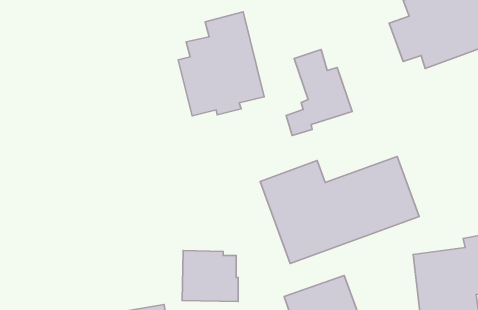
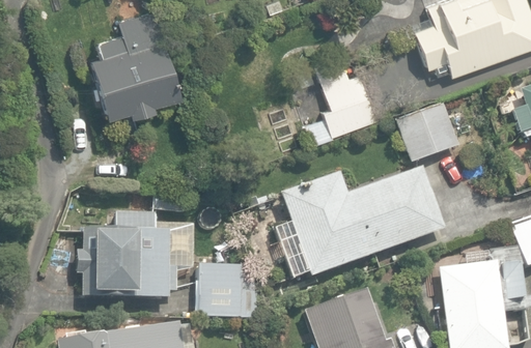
building: [178,12,264,116] -> [89,11,178,119]
building: none -> [397,105,459,164]
building: none -> [77,194,195,299]

